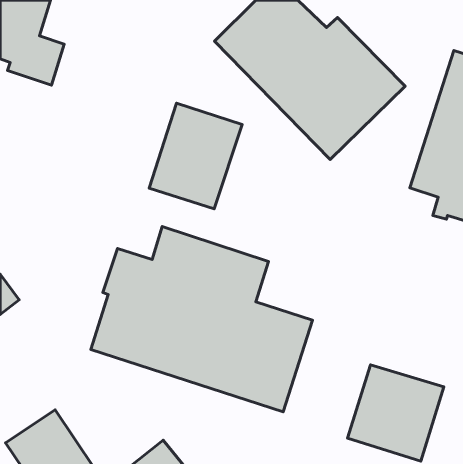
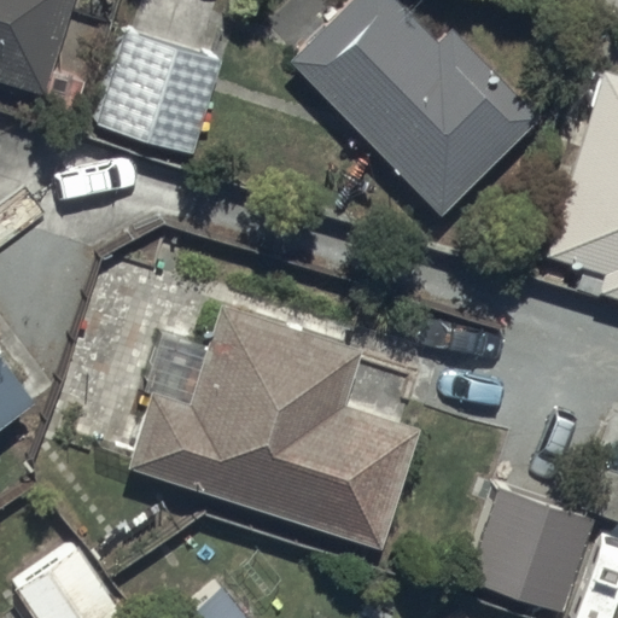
building: none -> [97,34,220,154]
building: [149,103,242,209] -> none

